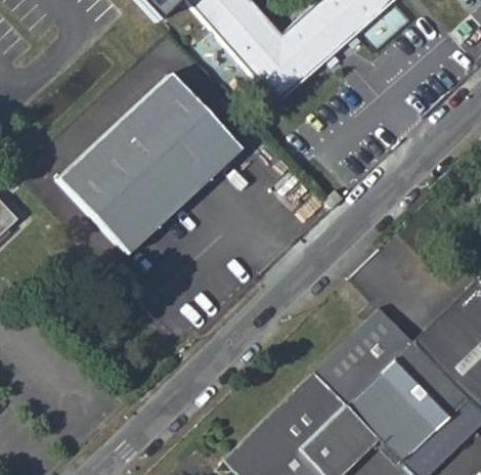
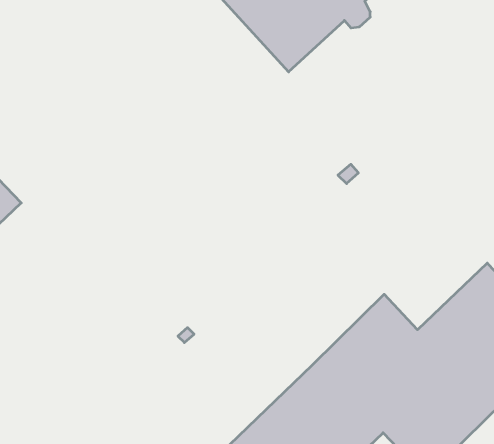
building: [62,72,245,250] -> none

